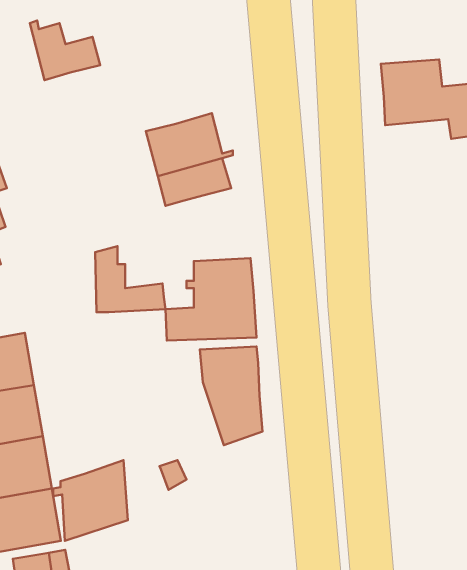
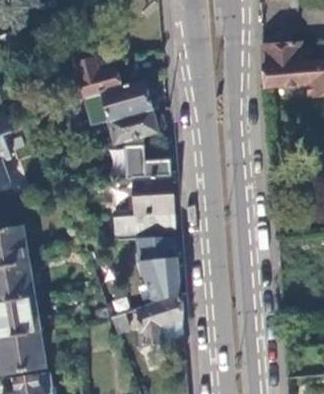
building: [30,20,100,80] -> [75,57,122,97]
building: [95,246,165,312] -> [125,135,172,179]
building: [53,460,128,541] -> [133,293,183,347]

